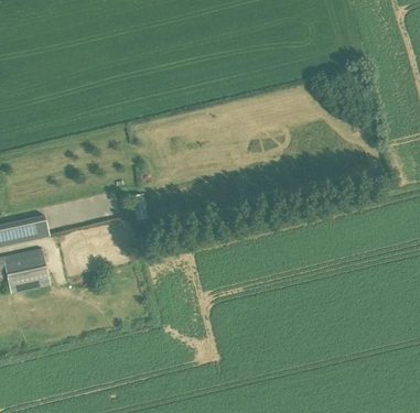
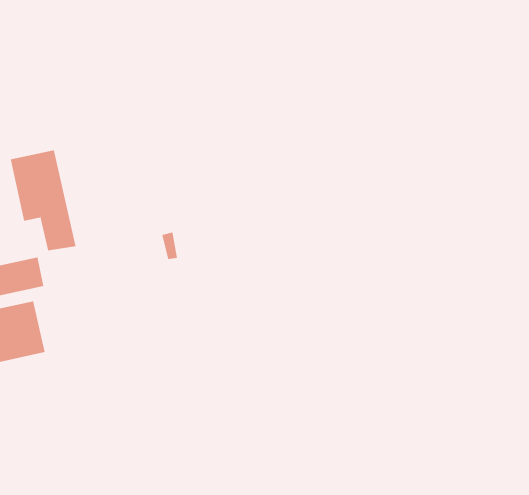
building: none -> [10,149,76,251]

